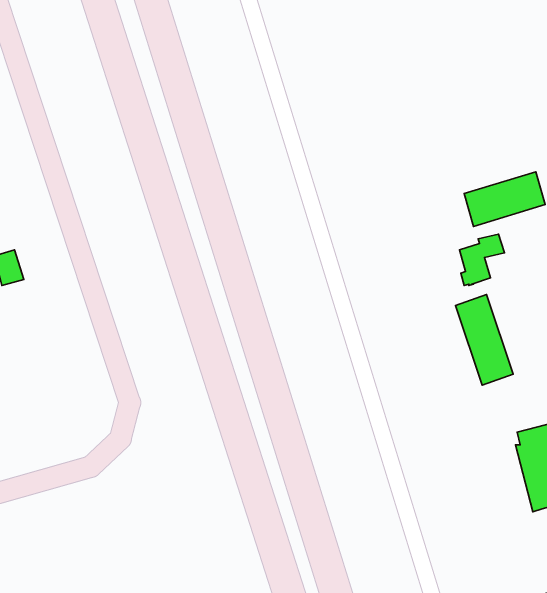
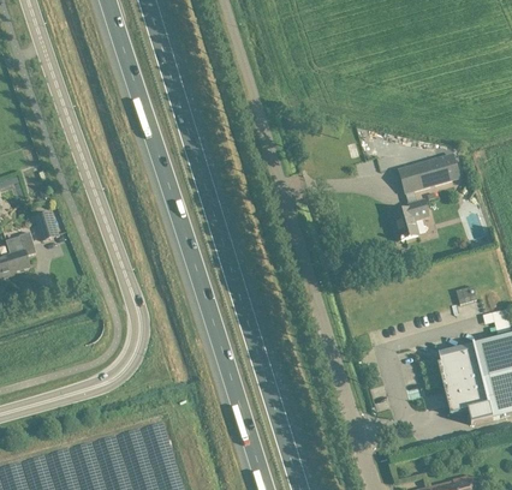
building: [456,295,513,385] -> none

